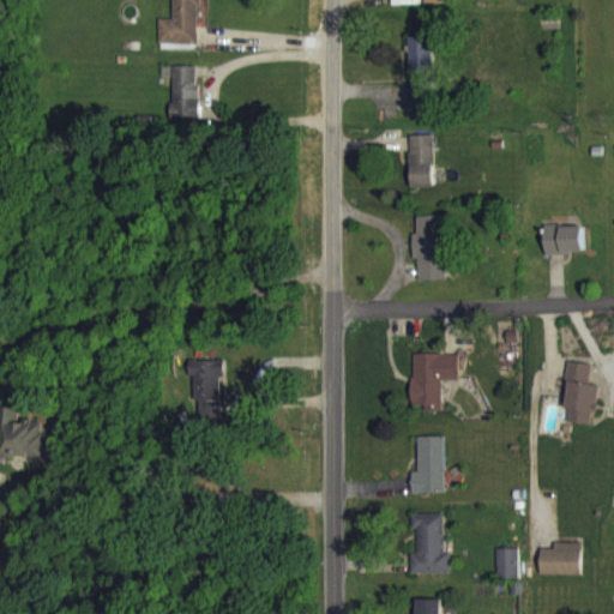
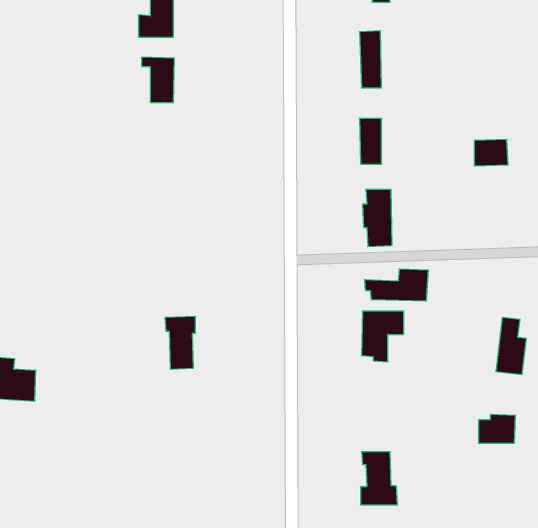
building: [544,223,583,253] -> [474,139,508,166]
building: none -> [365,269,428,301]
building: [410,435,444,492] -> none
building: [540,541,582,573] -> [479,414,516,443]
building: [494,547,517,578] -> none

